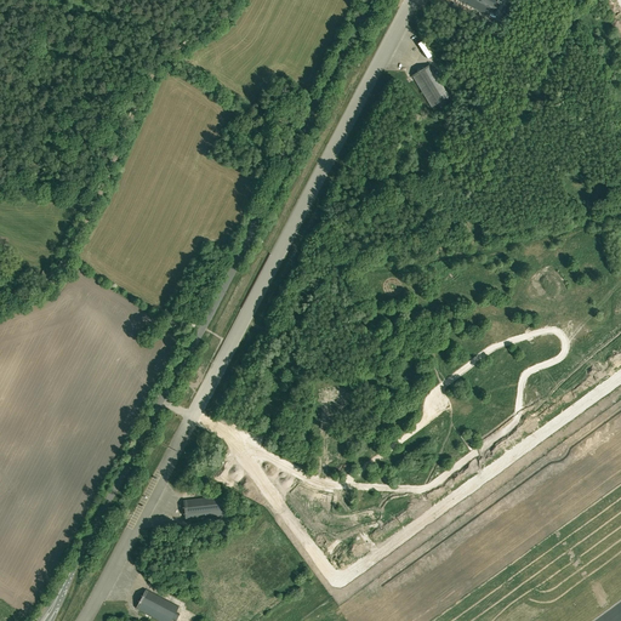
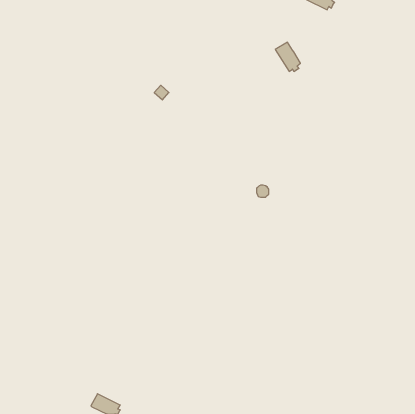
building: [183,495,227,520] -> none

